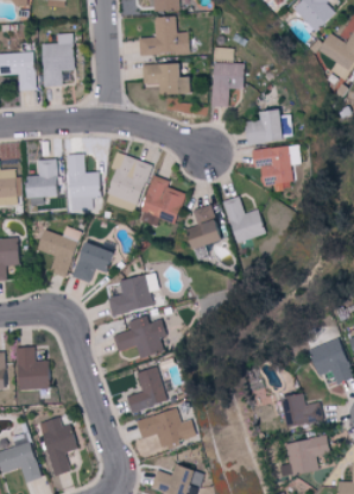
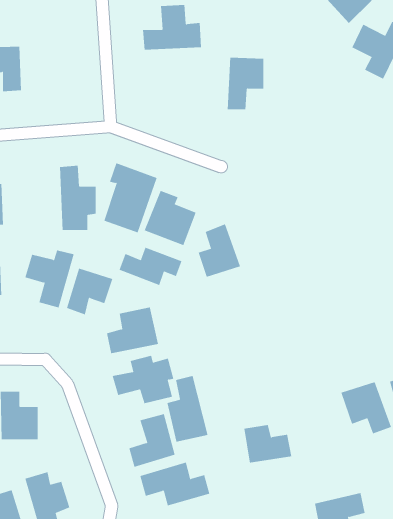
building: [40,32,74,86] -> none
building: [141,63,190,94] -> none
building: [244,108,293,144] -> none
building: [252,144,302,192] -> none
building: [26,158,57,196] -> none
building: [223,196,265,243] -> none
building: none -> [119,247,182,286]
building: none -> [167,375,208,442]
building: [280,394,322,427] -> [244,425,292,463]

